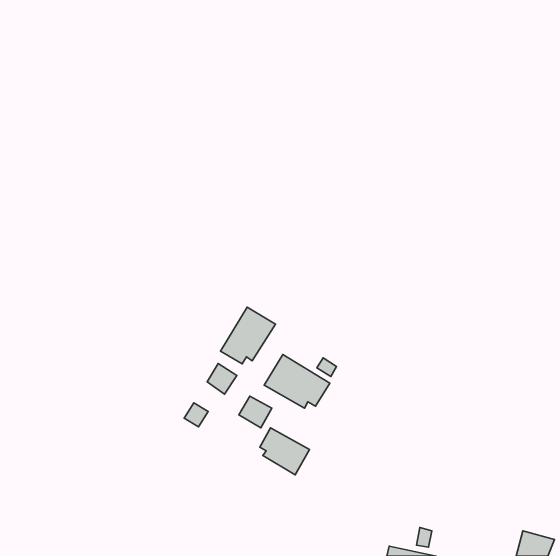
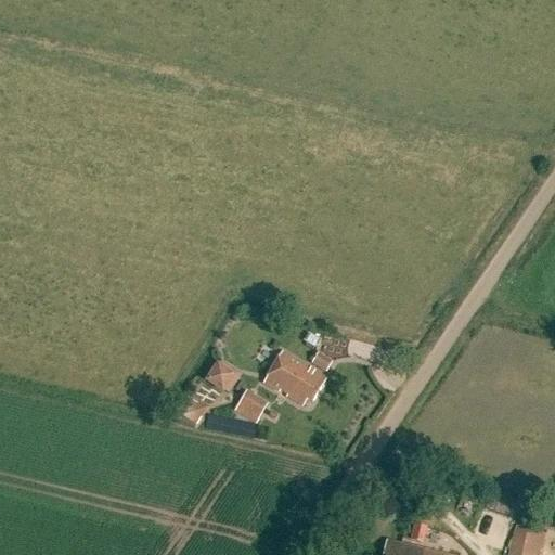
building: [221,307,276,364] -> none
building: [260,428,309,475] -> none

